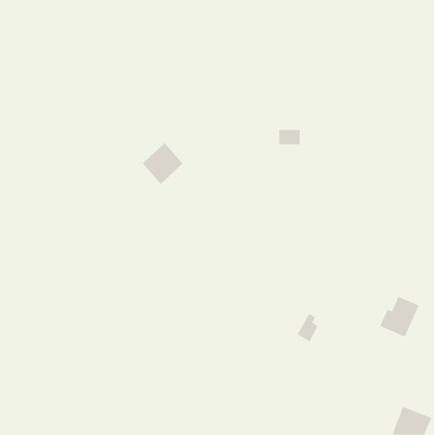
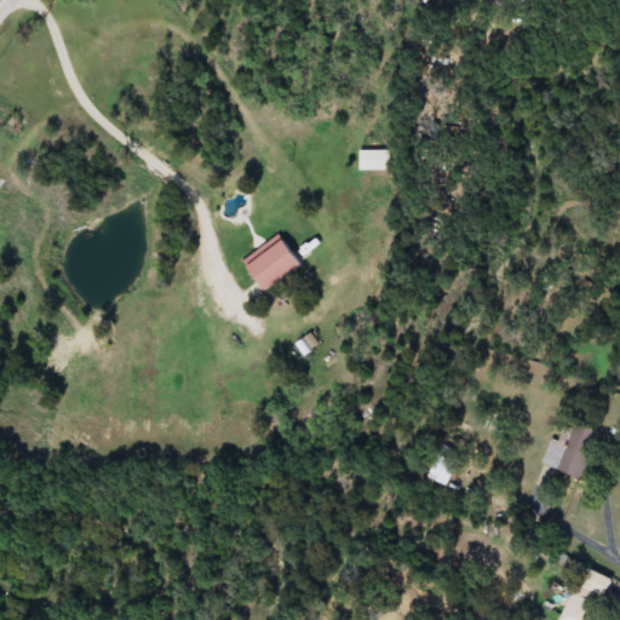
building: [278,130,300,145] -> [360,150,391,172]
building: [142,142,183,185] -> [247,231,306,292]

